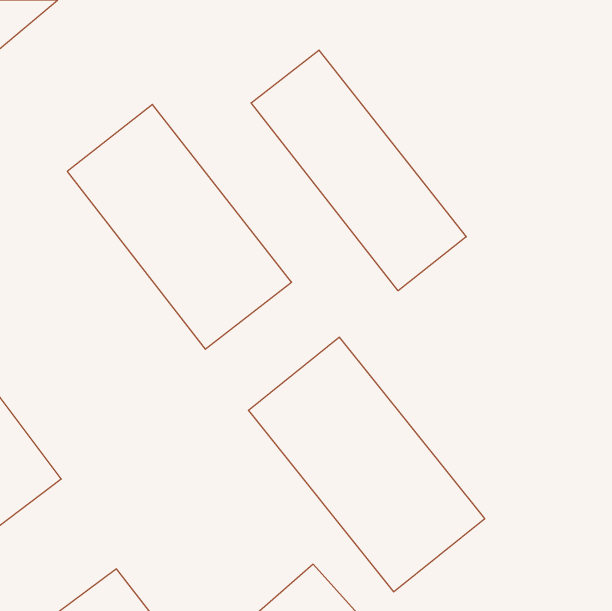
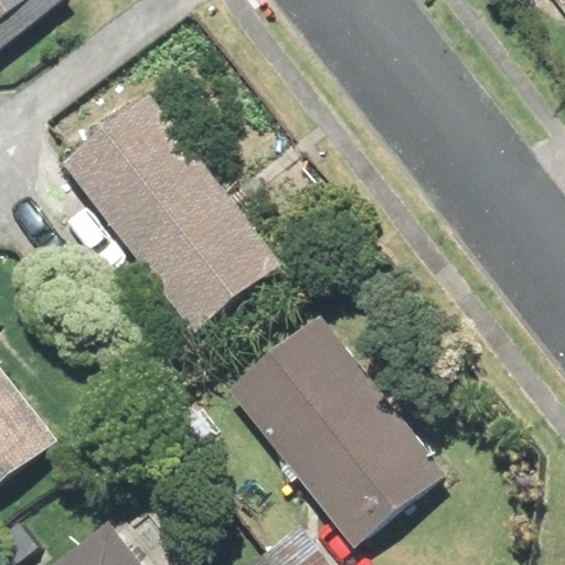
building: [251,50,466,291] -> none

